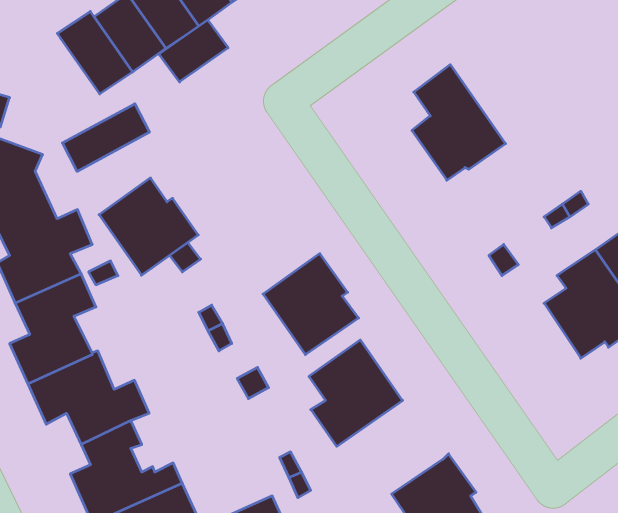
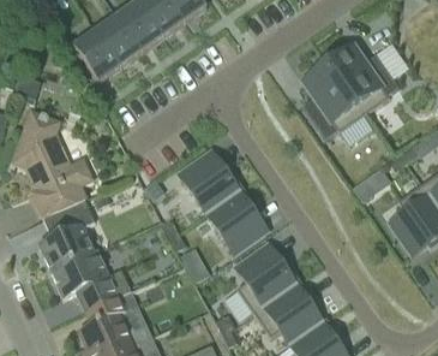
building: [159,20,228,82] -> none
building: none -> [328,44,400,113]
building: [62,104,149,171] -> none
building: [99,178,198,275] -> [178,148,242,212]
building: none -> [253,281,323,343]

